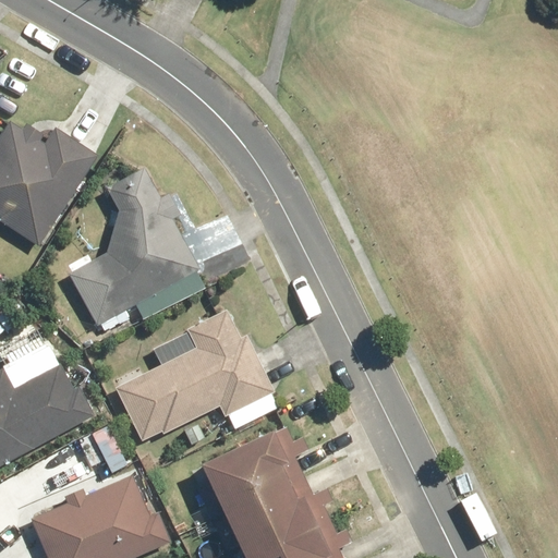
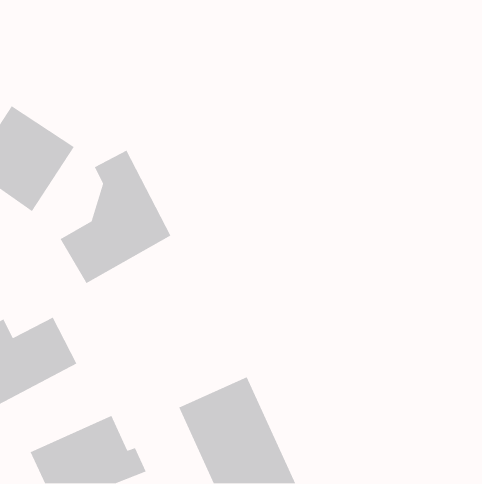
building: [116,312,272,441] -> none

